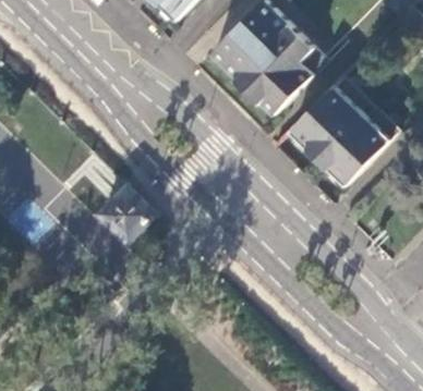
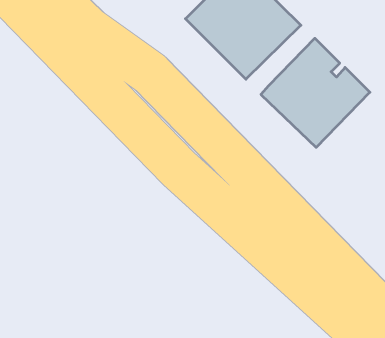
building: [99,184,154,237] -> none

